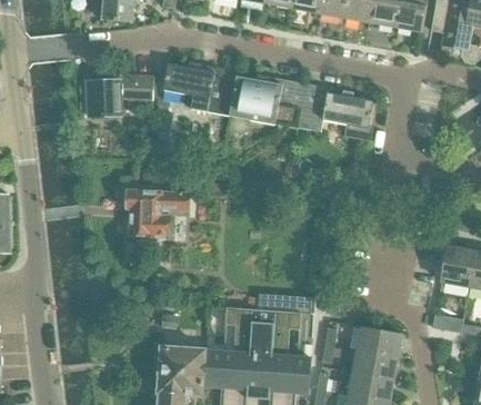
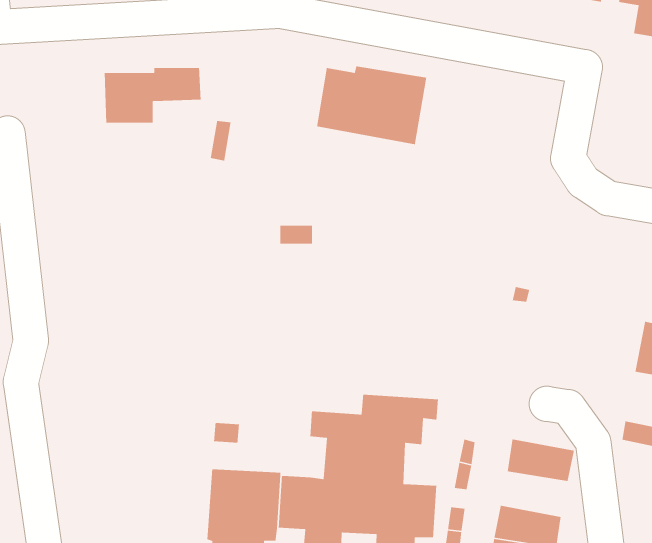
building: [163,62,237,116] -> none
building: [295,82,373,141] -> none
building: [127,190,189,234] -> none
building: [352,347,398,377] -> none

